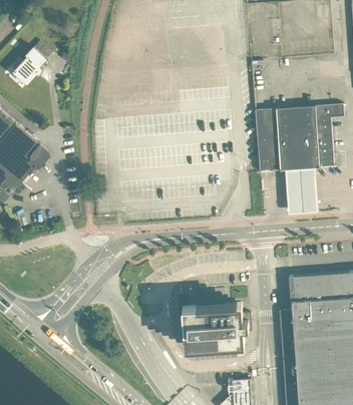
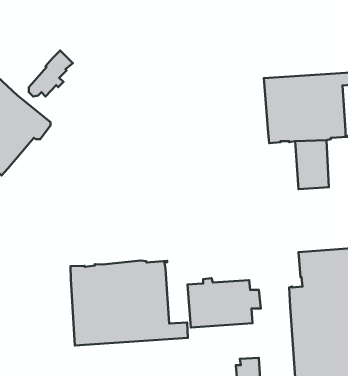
building: [10,39,52,83] -> [29,50,73,97]
building: none -> [70,261,188,345]

